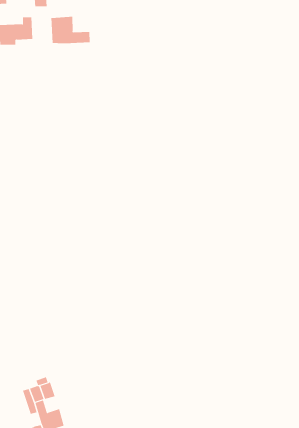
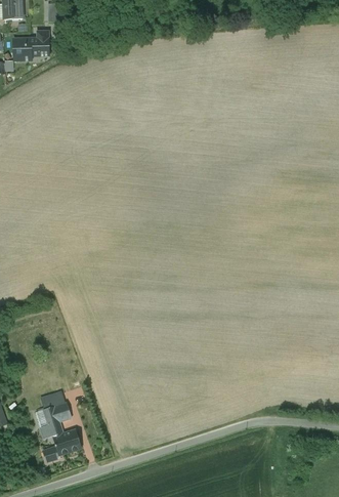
building: [51,16,90,44] -> none

